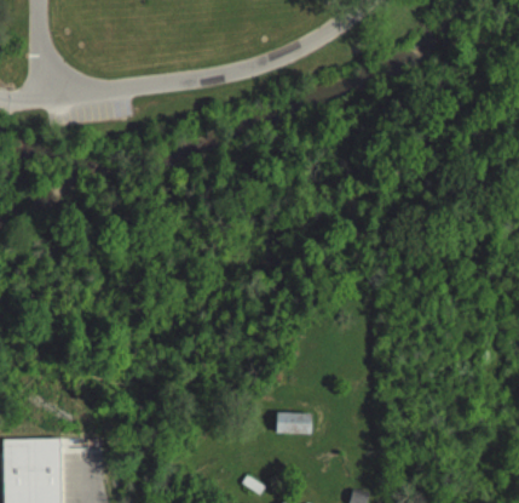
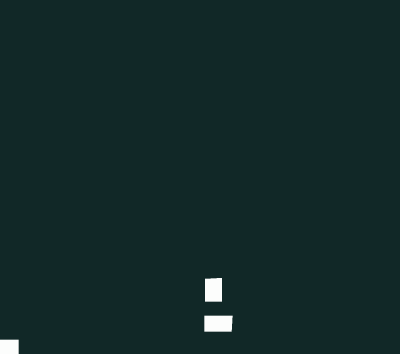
building: none -> [204,277,223,303]

